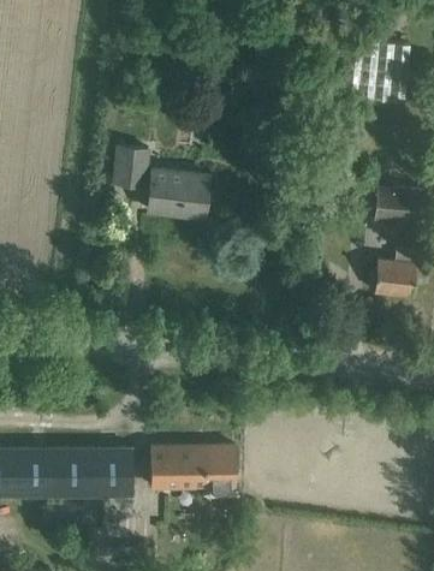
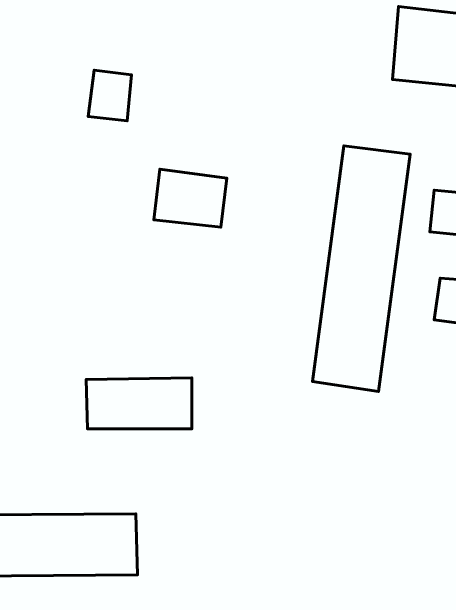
building: [113,145,148,186] -> [88,70,132,121]
building: none -> [312,146,410,391]
building: [149,446,234,487] -> [86,378,192,429]

